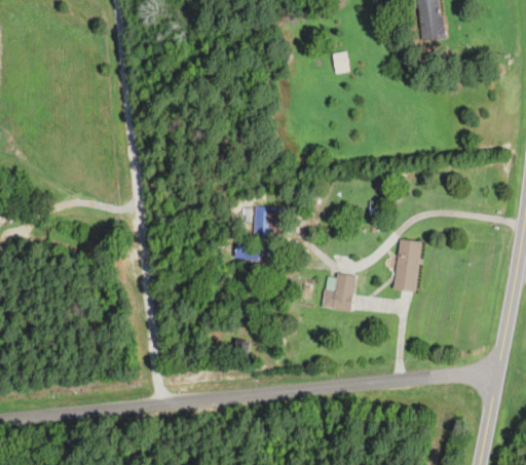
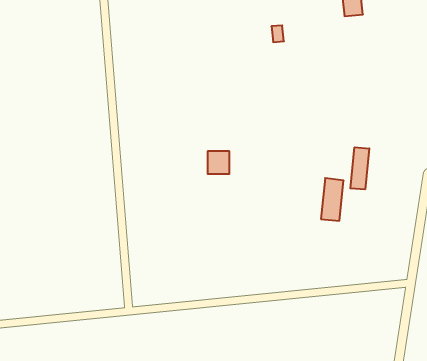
building: none -> [350,147,369,189]
building: [323,273,355,311] -> none

